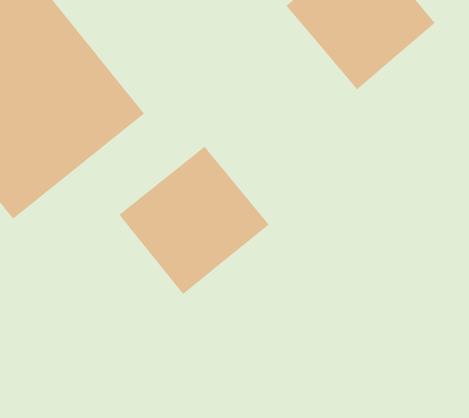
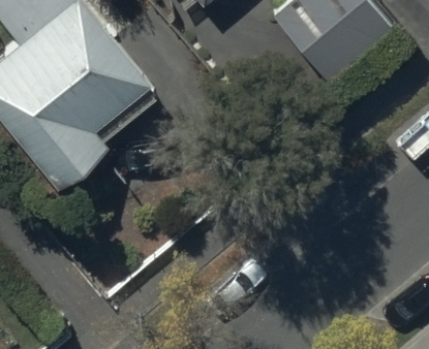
building: [119,146,269,295] -> none

